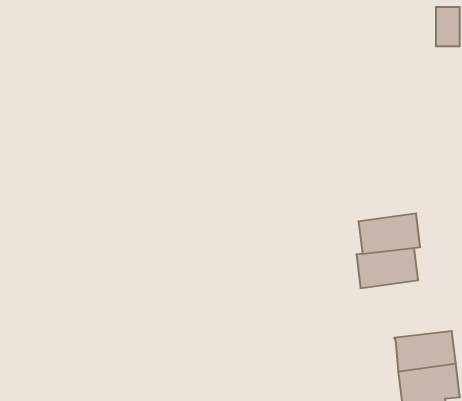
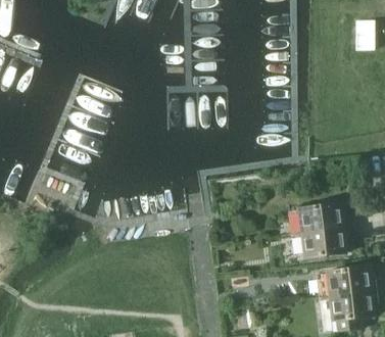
building: [358,213,420,254] -> [299,228,346,258]

